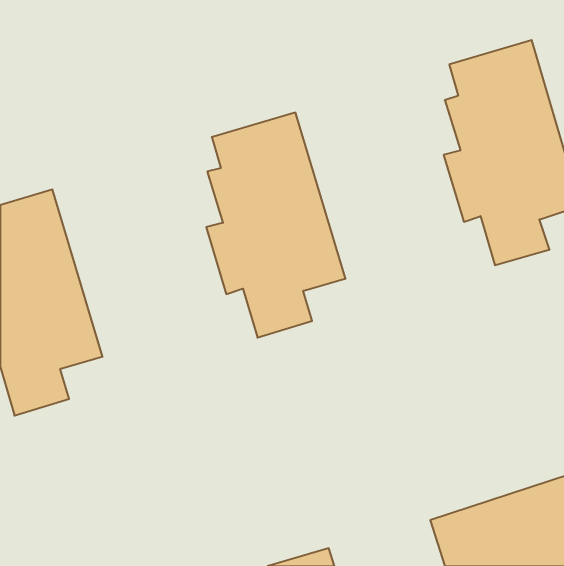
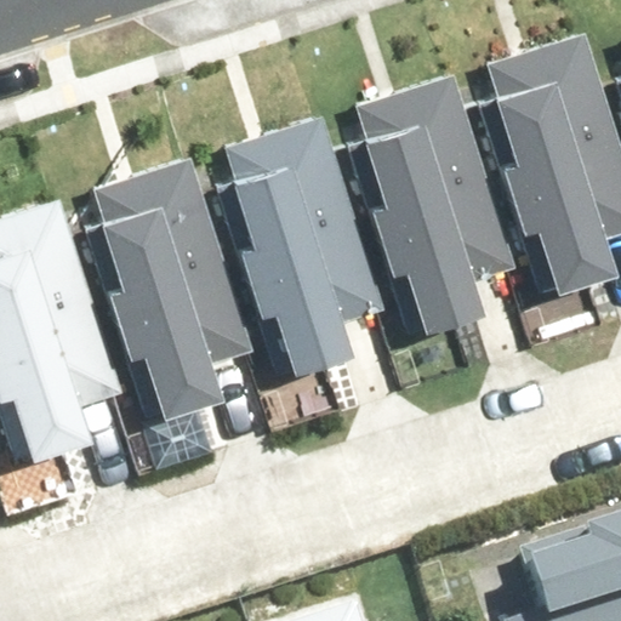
building: none -> [360,86,511,331]
building: none -> [101,161,251,406]

